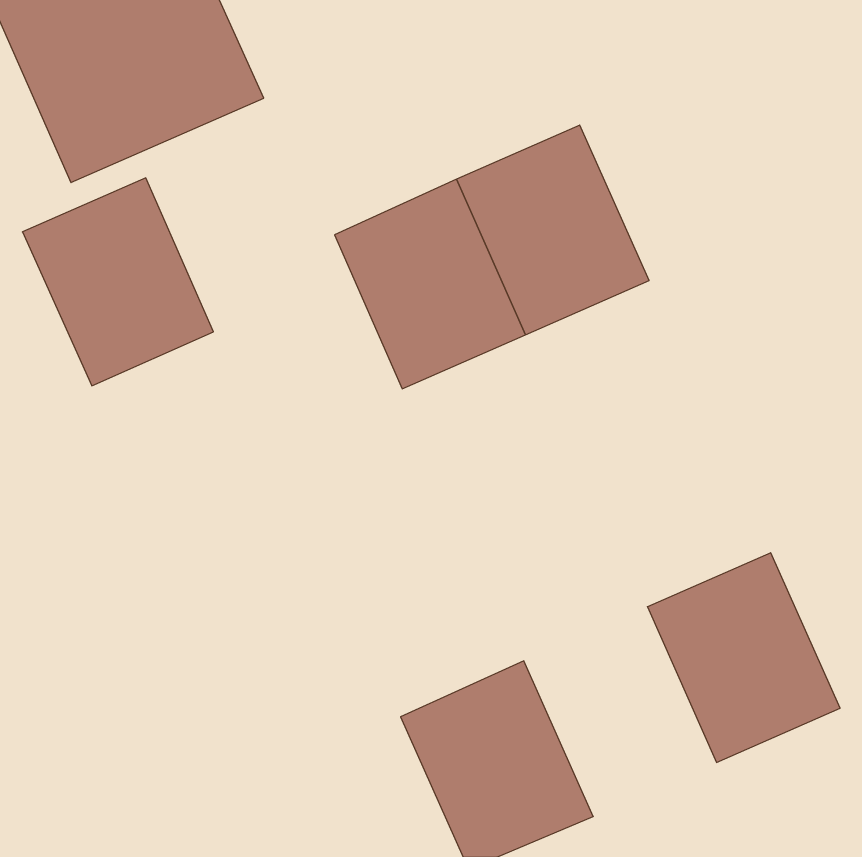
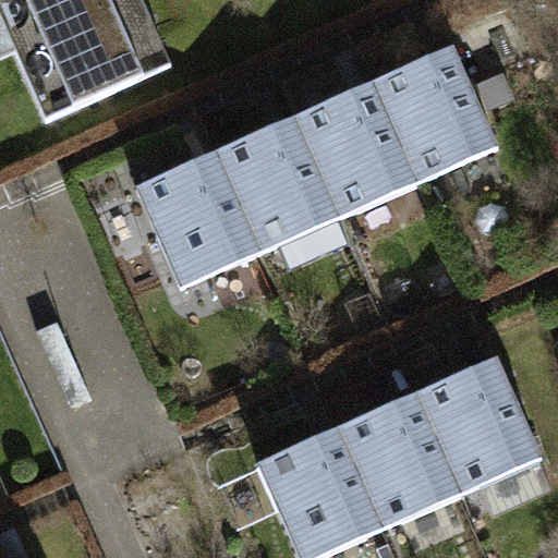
building: none -> [374,46,497,181]
building: [22,178,213,386] -> [136,151,259,286]
building: none -> [338,391,462,526]

